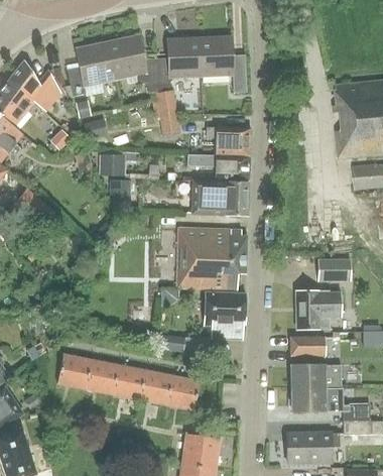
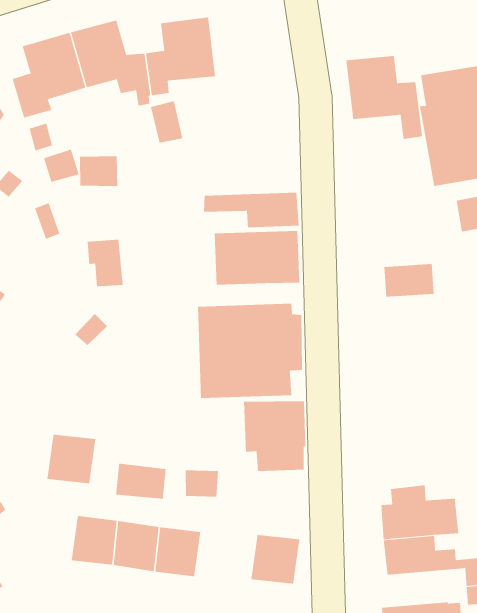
building: [199,35,246,91] -> [346,55,423,139]
building: [206,126,250,153] -> none
building: [99,153,125,174] -> [79,156,118,186]
building: [316,255,349,275] -> [383,264,434,297]
building: [295,288,341,329] -> none
building: none -> [115,463,166,500]
building: [289,335,325,354] -> none
building: [56,353,91,387] -> [47,434,96,484]
building: [165,374,200,408] -> [250,534,300,584]

